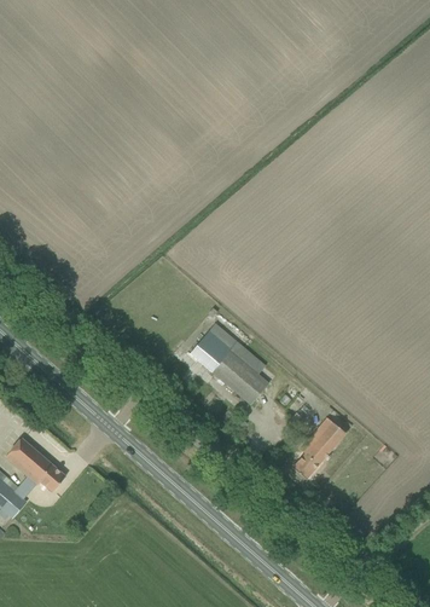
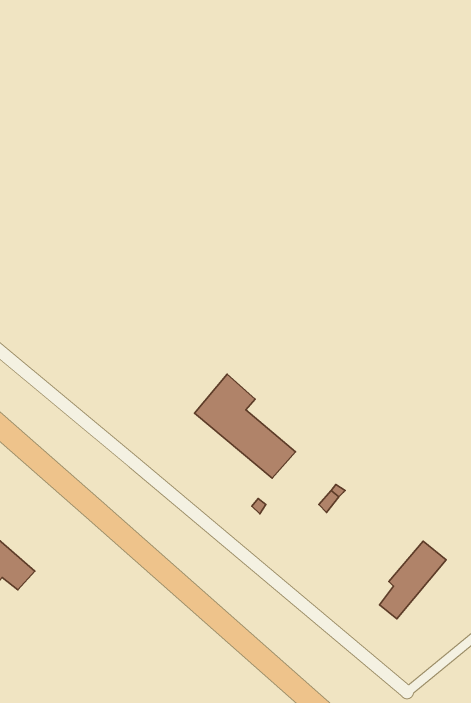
building: [294,418,345,479] -> [380,541,446,619]

